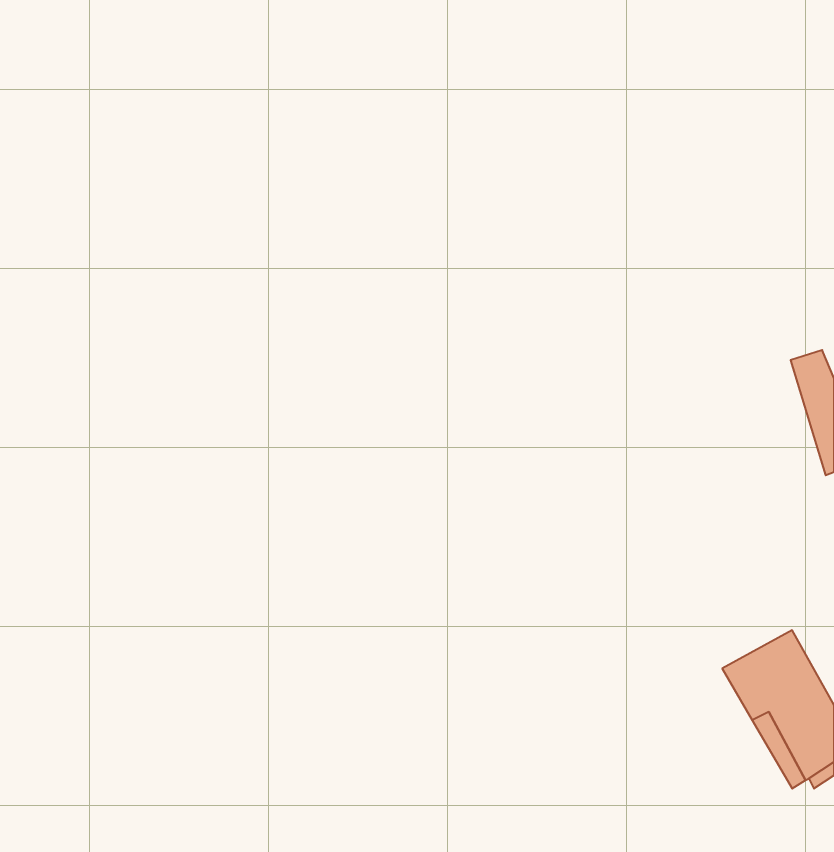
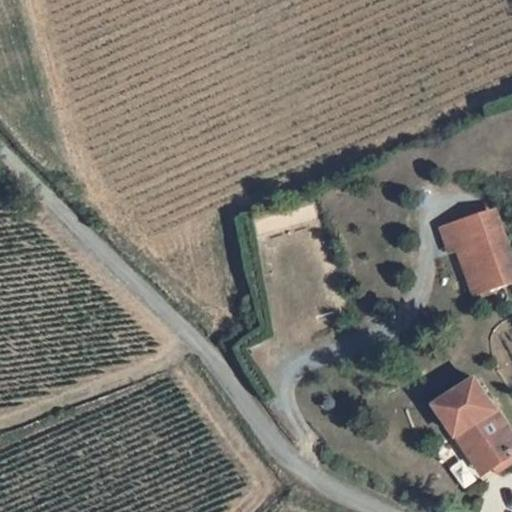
building: none -> [448,216,495,290]

